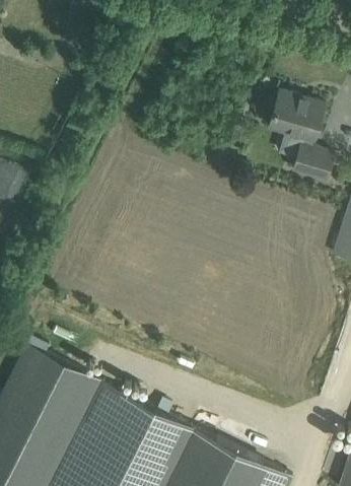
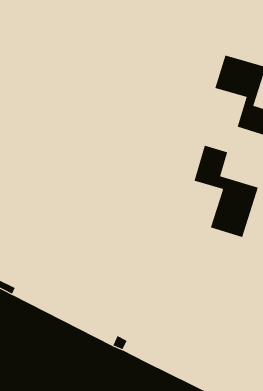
building: none -> [194,145,259,238]

